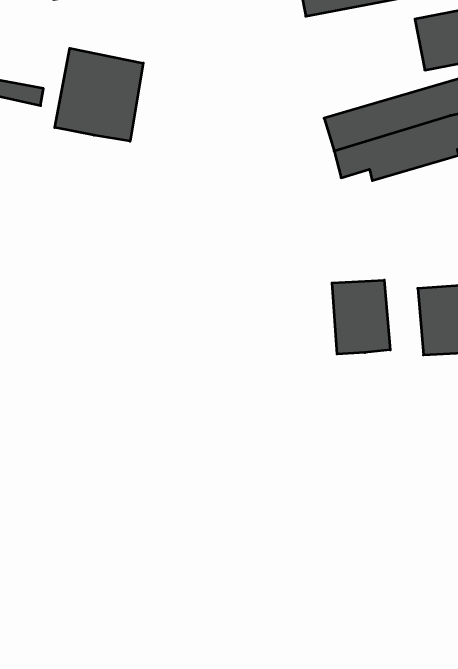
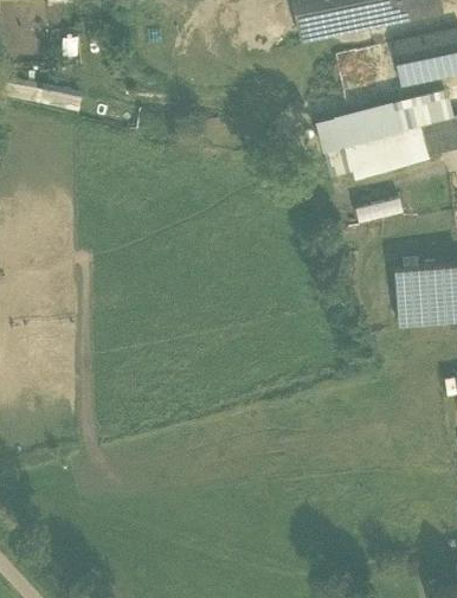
building: [55,48,143,141] -> none
building: [332,280,390,354] -> none

